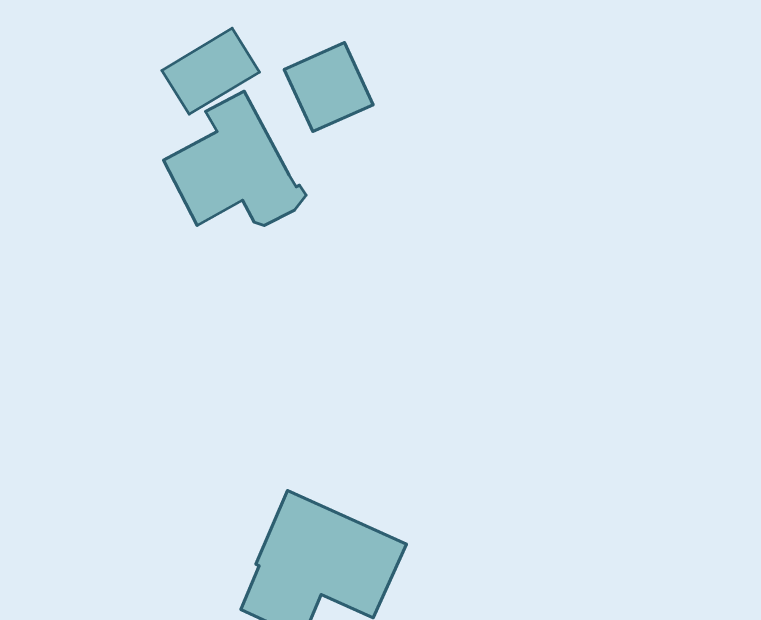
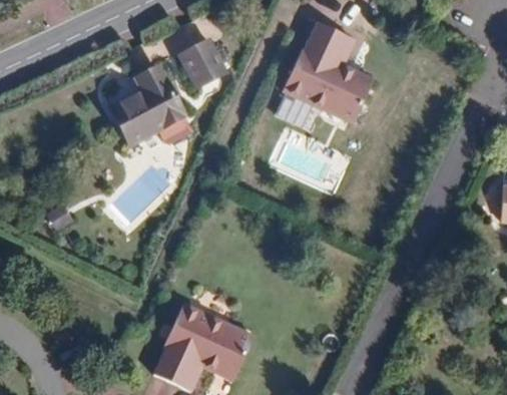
building: [162,28,259,114] -> none
building: none -> [281,26,372,126]

